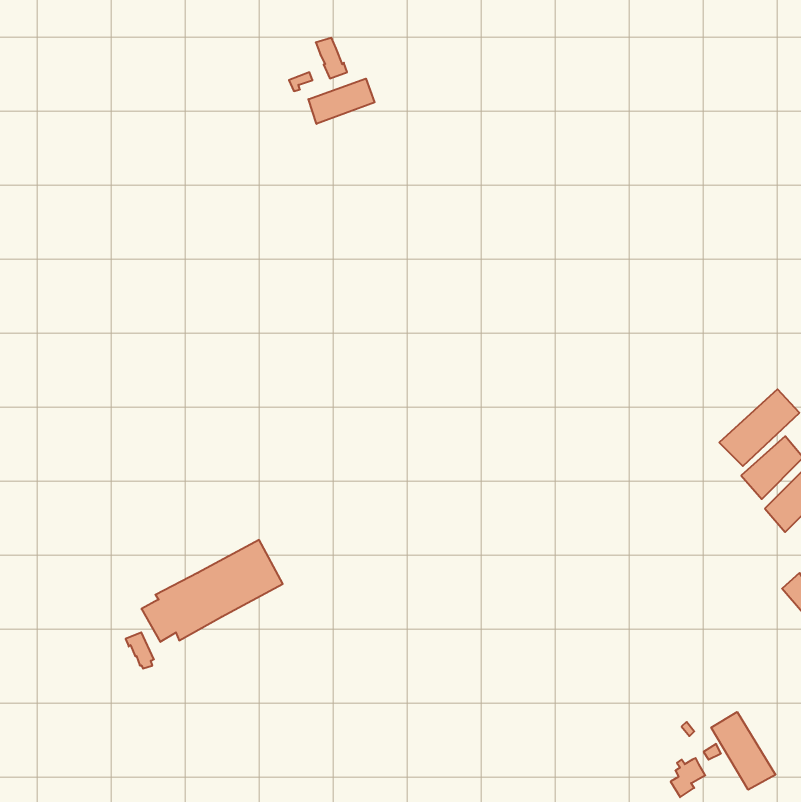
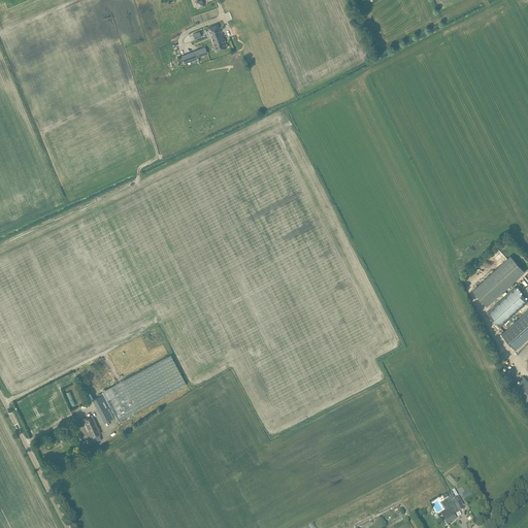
building: [308,79,375,124] -> none
building: [711,712,775,790] -> none

